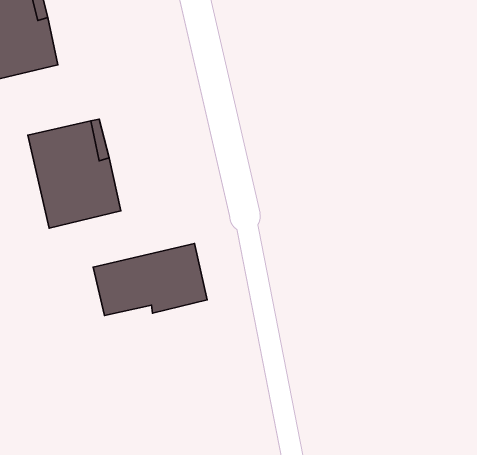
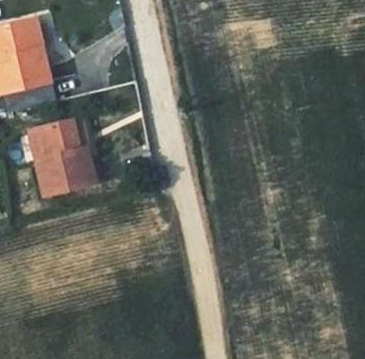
building: [93,244,207,315] -> none

